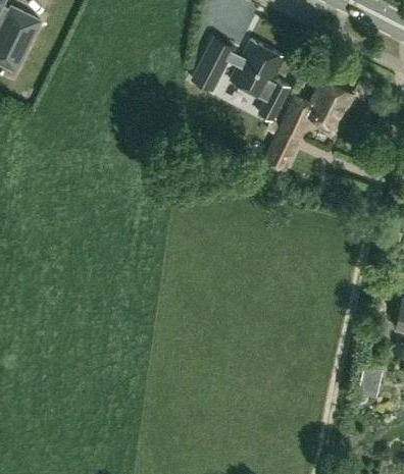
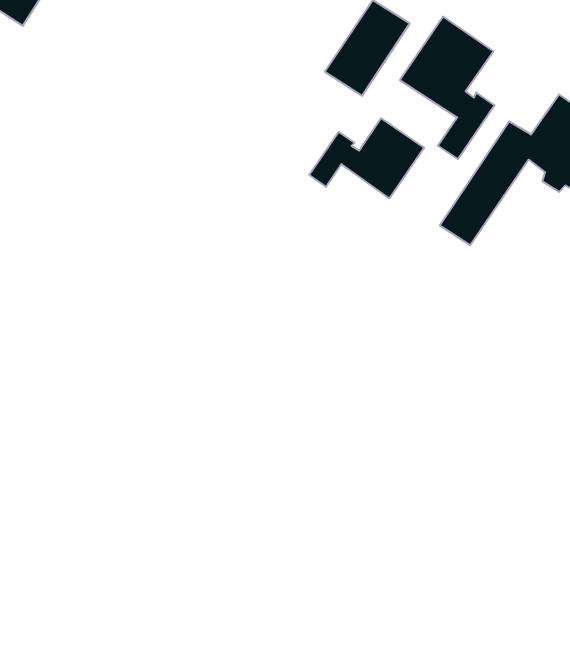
building: none -> [309,118,424,198]

